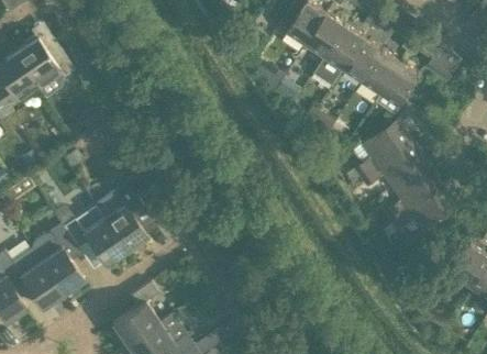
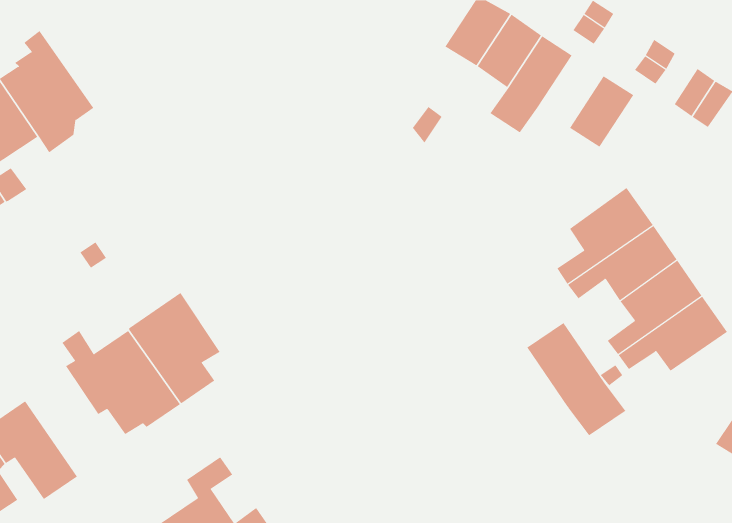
building: [344,37,384,81] -> none
building: [381,62,422,107] -> none
building: none -> [527,322,626,436]
building: [32,226,85,294] -> none

